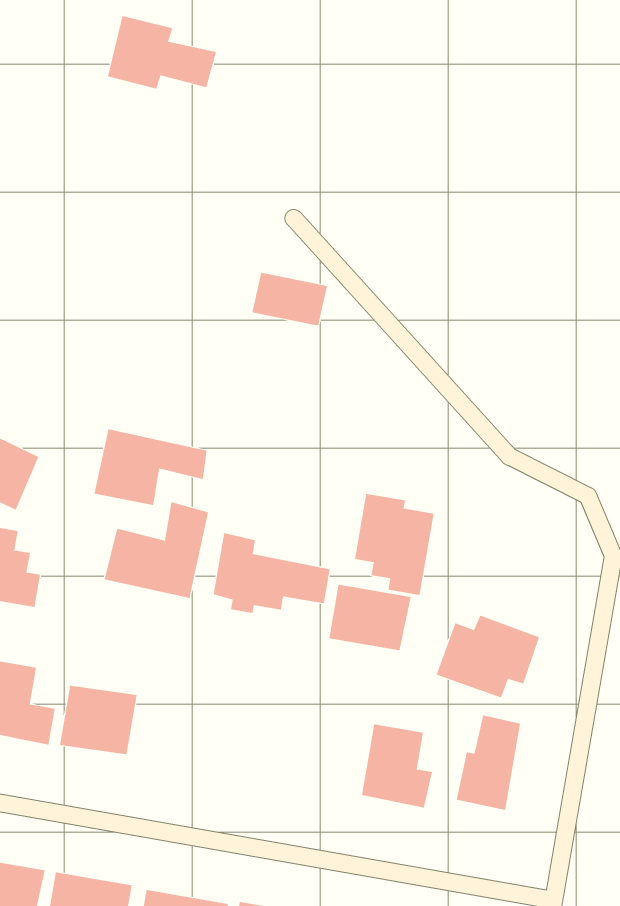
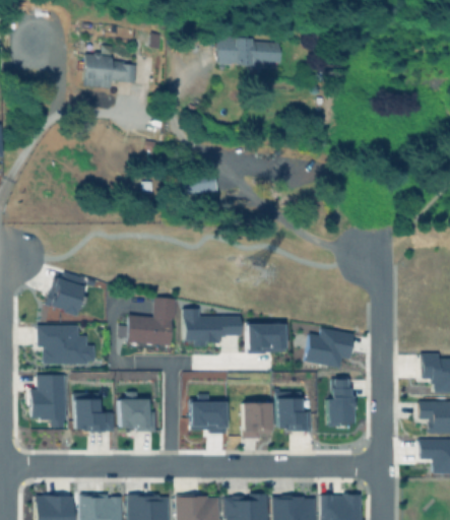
building: none -> [219,39,283,66]
building: [94,429,207,506] -> none
building: [354,493,434,596] -> none
building: none -> [190,402,227,435]
building: none -> [243,403,272,439]

